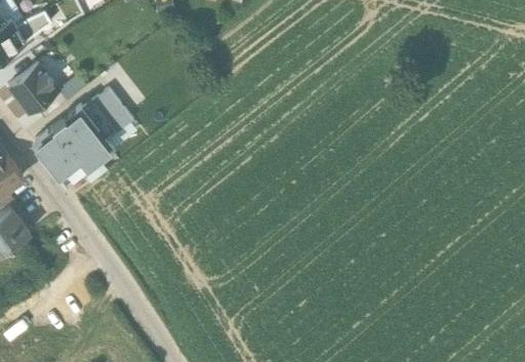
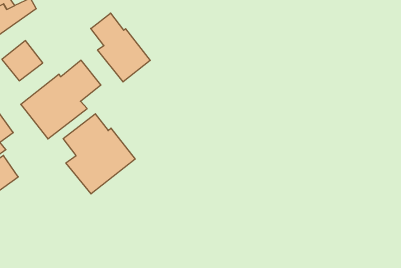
building: none -> [91,13,150,82]
building: none -> [63,114,135,194]

